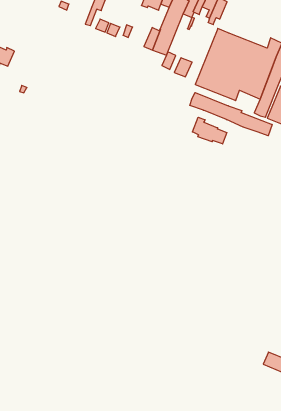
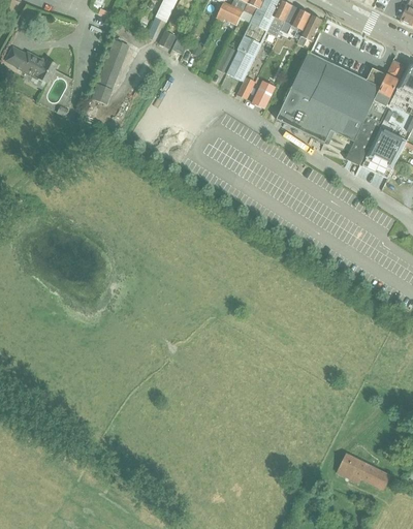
building: none -> [92,39,128,103]
building: [190,93,272,136] -> none
building: [192,117,227,144] -> none

